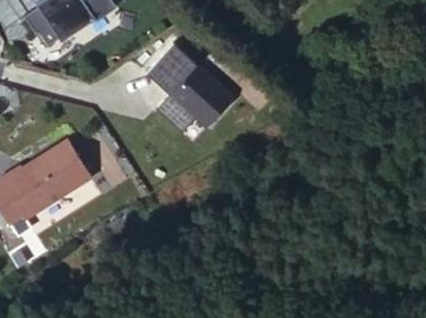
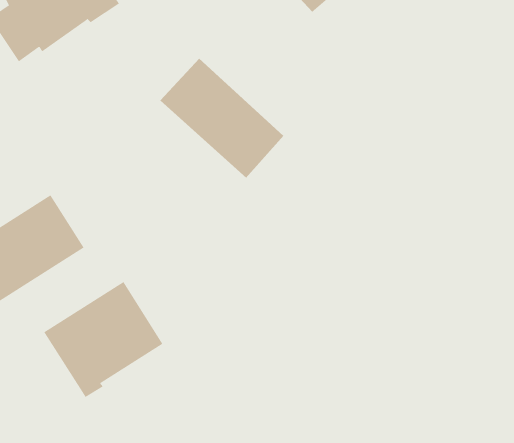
building: none -> [43,281,163,398]

